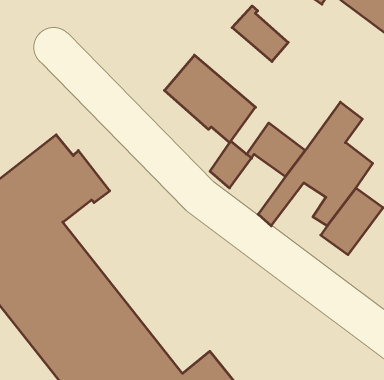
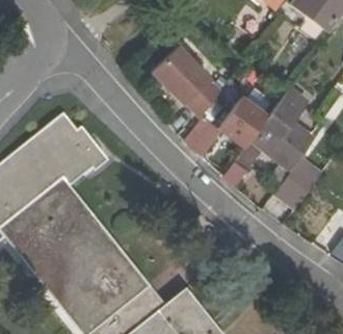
building: [232,6,288,62] -> none

